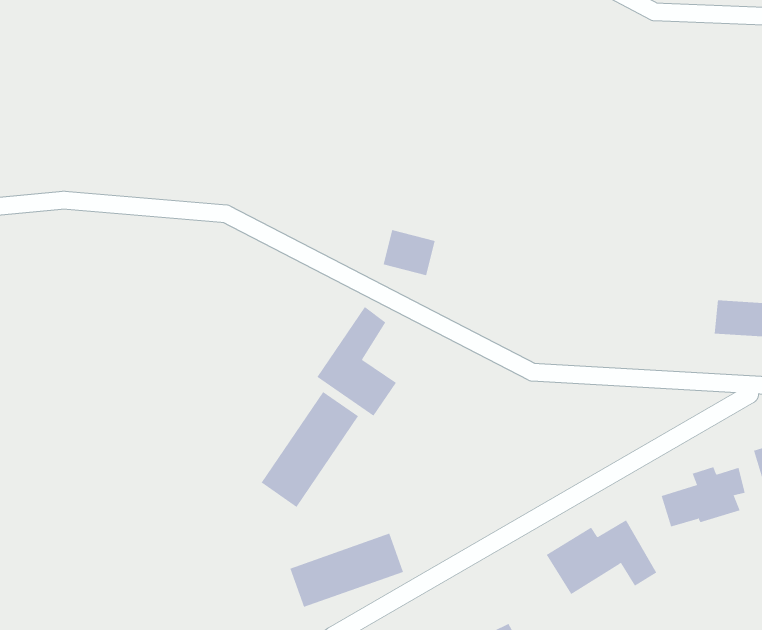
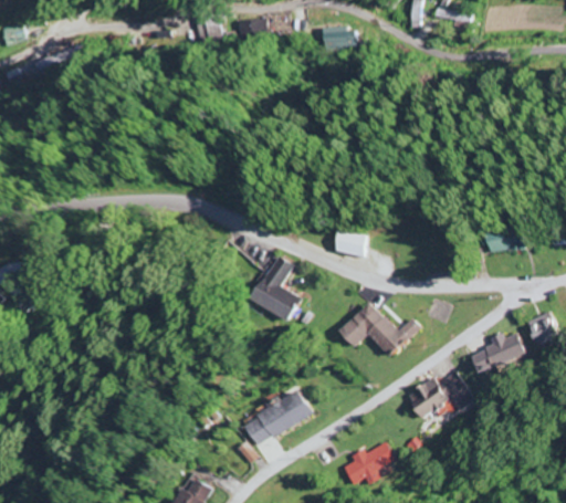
building: [383,229,435,276] -> [343,230,374,256]
building: [261,391,359,508] -> none
building: none -> [337,302,419,357]

